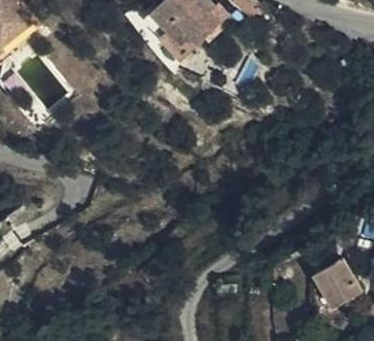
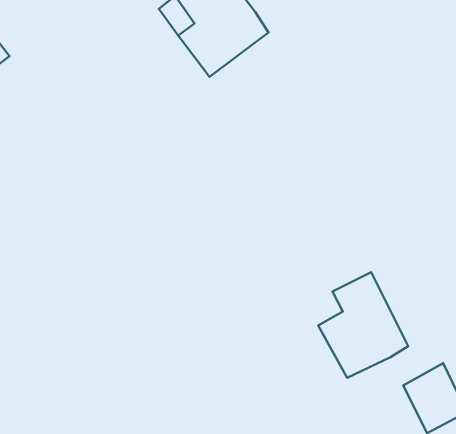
building: none -> [318,272,408,378]

